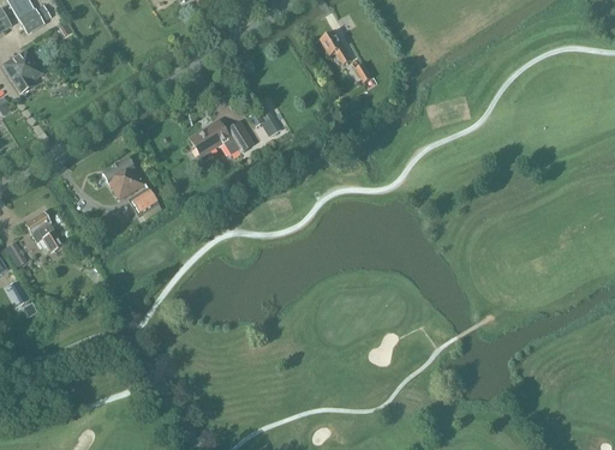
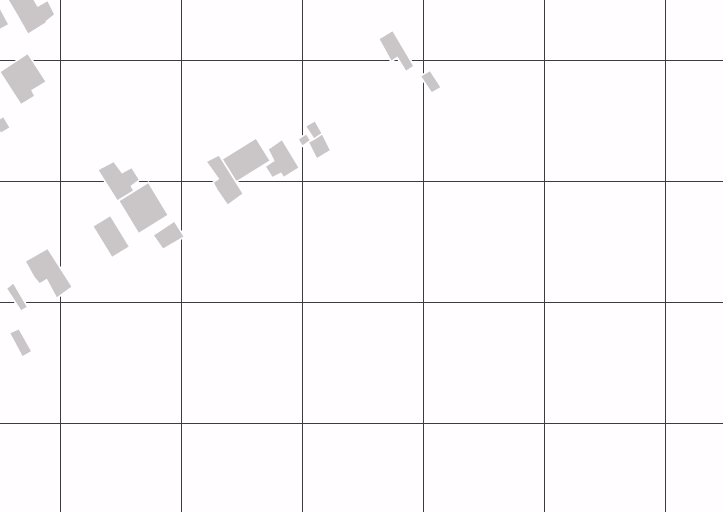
building: none -> [206,155,243,205]
building: none -> [97,161,140,201]
building: none -> [92,215,130,258]

